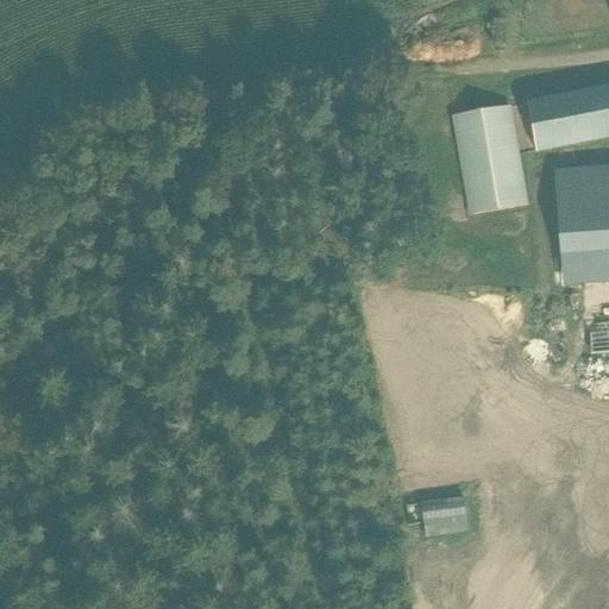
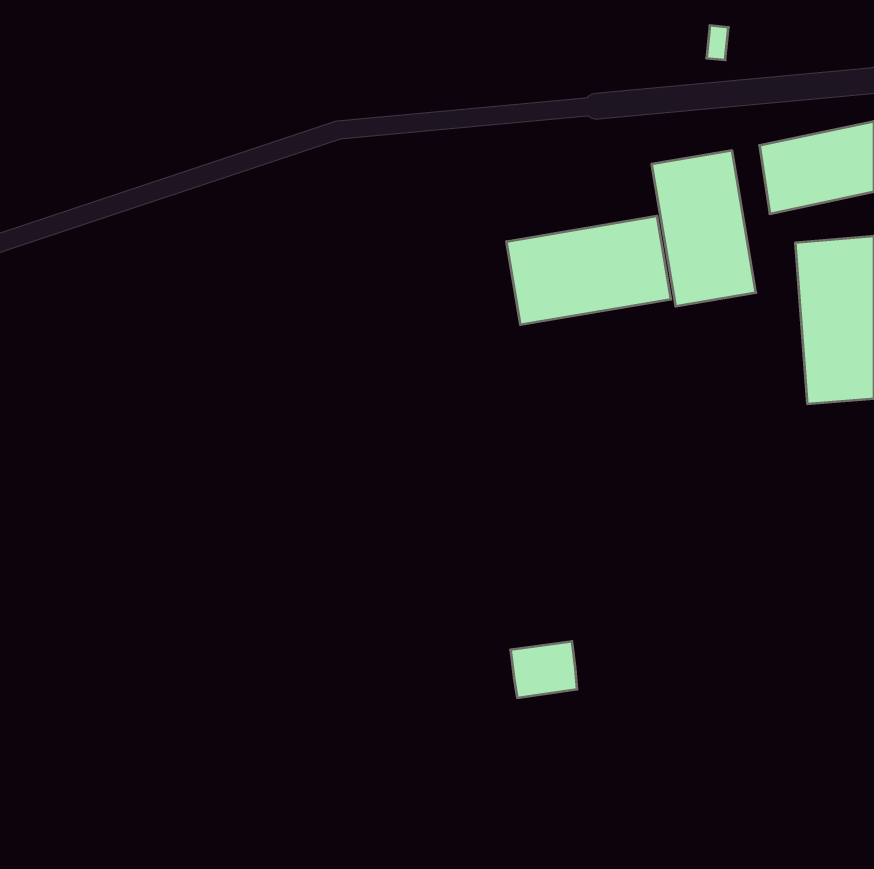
building: none -> [507,216,671,325]
building: [421,496,467,535] -> [510,641,577,698]

